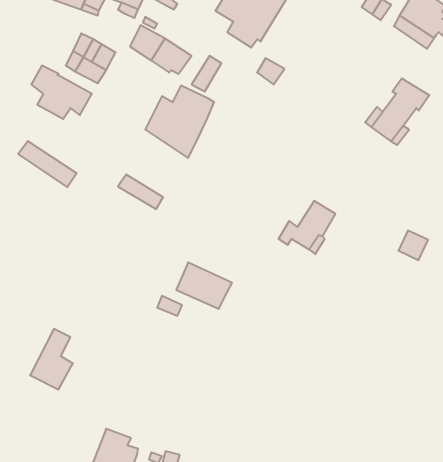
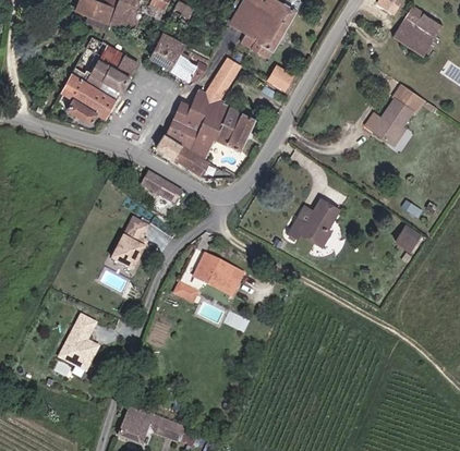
building: none -> [214,113,253,150]
building: [18,141,77,187] -> [156,134,209,176]
building: none -> [112,216,149,268]

